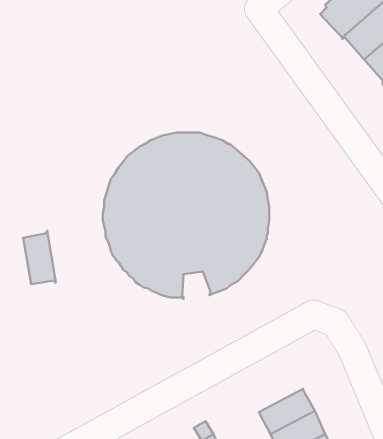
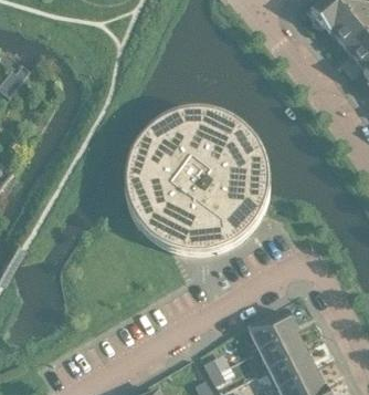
building: [23,231,56,284] -> none
building: none -> [249,311,297,351]

